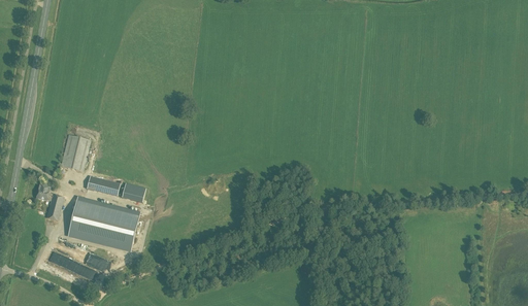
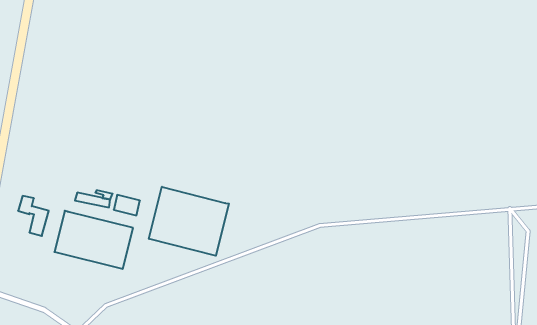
building: [60,135,89,172] -> none
building: none -> [149,187,229,256]

